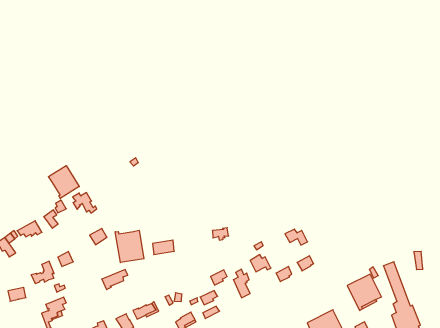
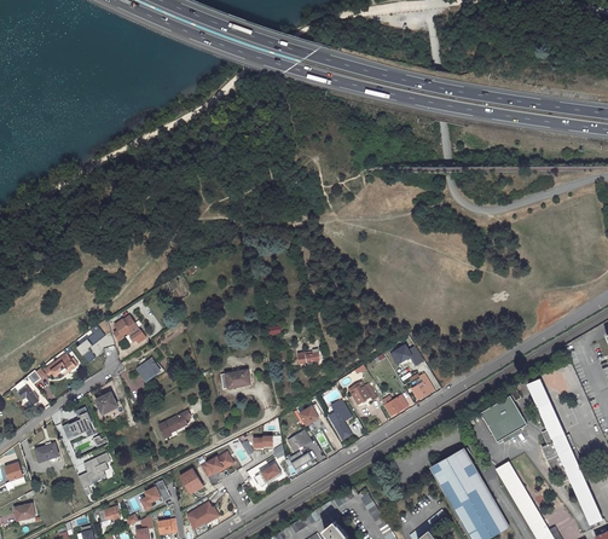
building: [48,166,79,199] -> none
building: [115,230,144,263] -> none

